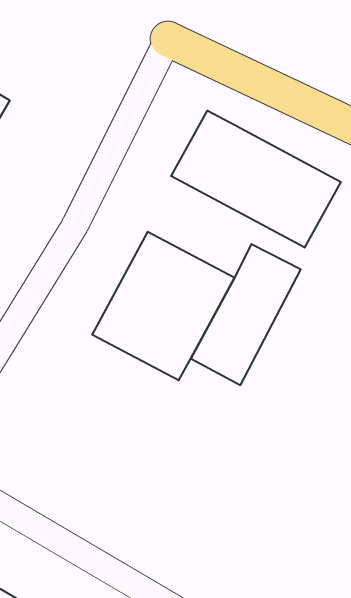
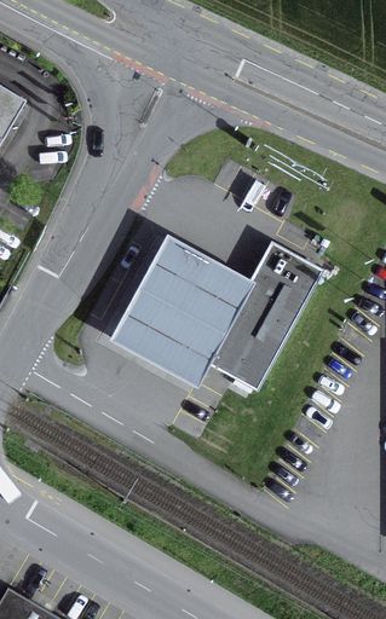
building: [171,111,341,248] -> none

